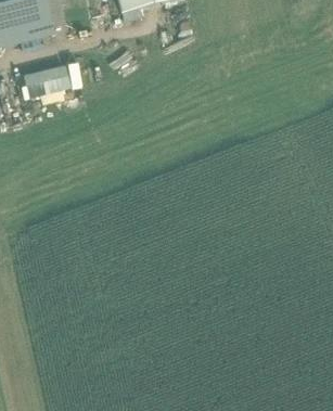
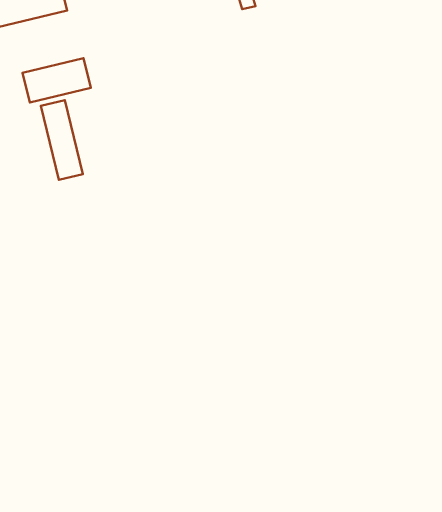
building: none -> [41,100,83,180]

